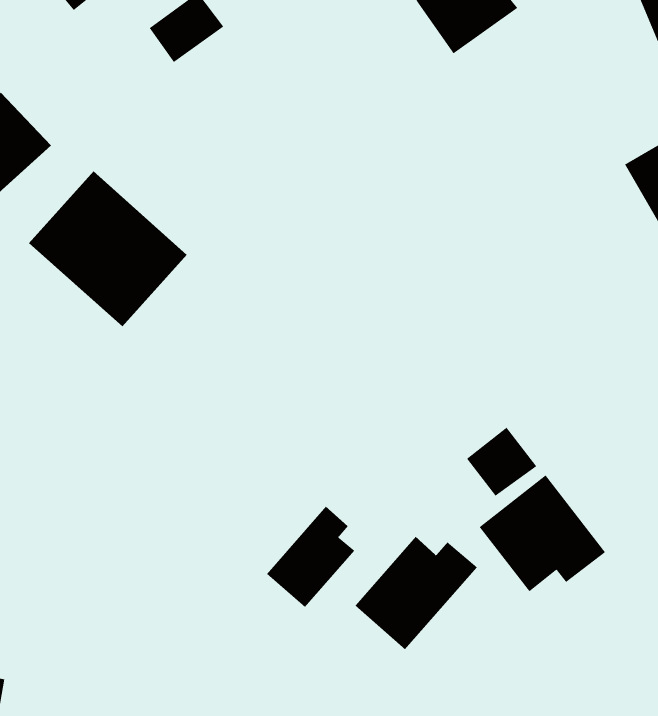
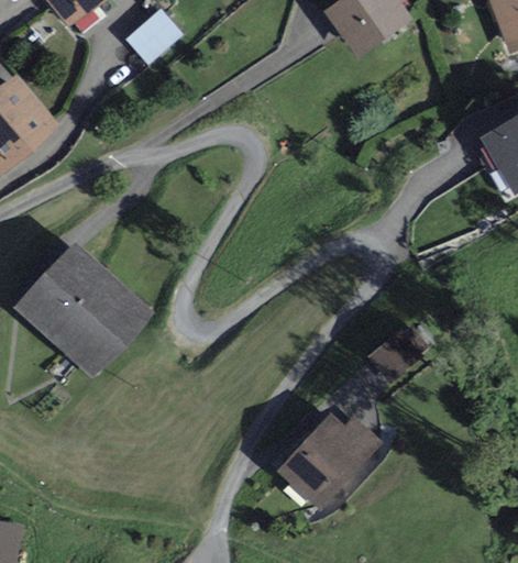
building: [28,171,188,327] -> [24,249,145,367]
building: [479,475,606,592] -> none
building: [266,506,355,608] -> none

